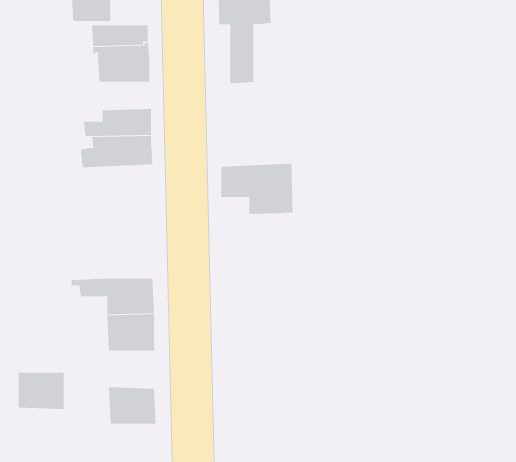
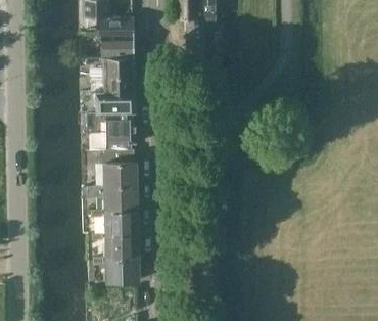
building: none -> [85,56,135,75]
building: [221,163,294,215] -> [89,110,137,144]
building: none -> [104,149,136,185]
building: [18,372,65,409] -> [106,233,137,258]

